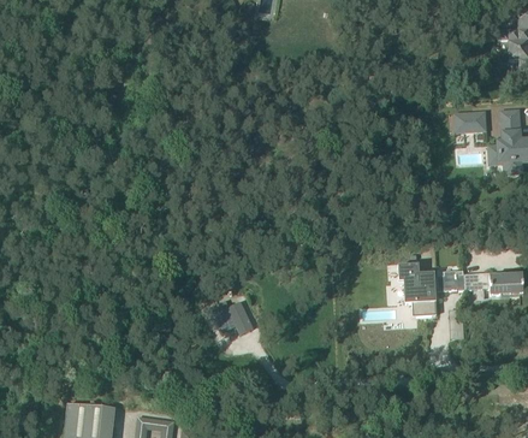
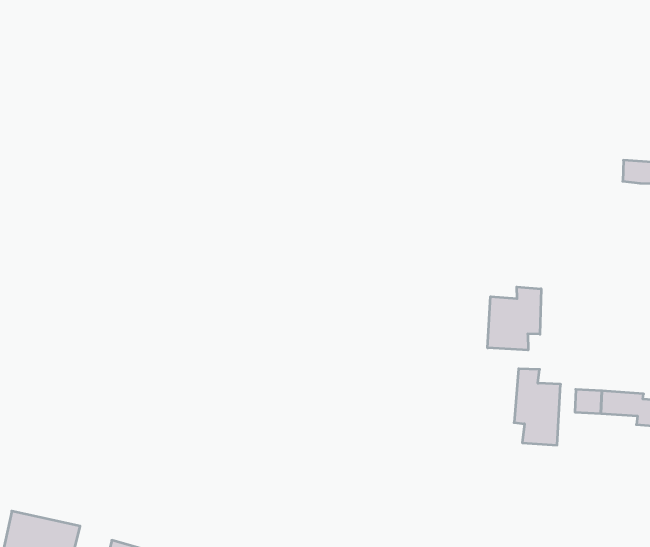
building: none -> [488,287,541,350]
building: [212,298,254,333] -> none

